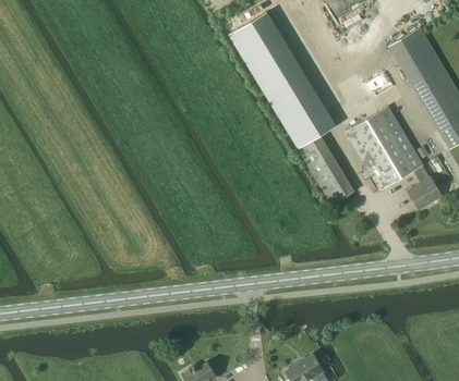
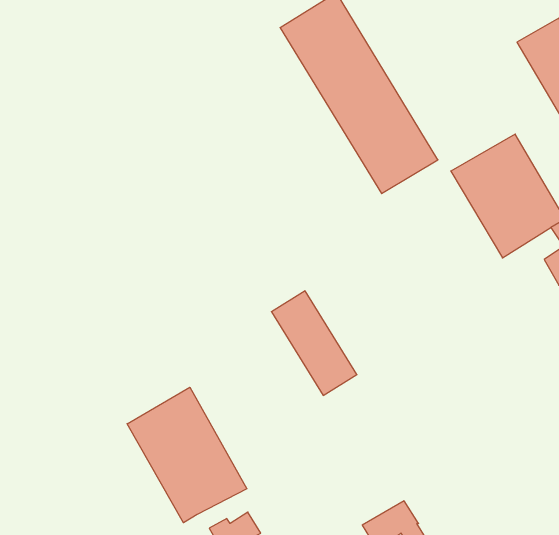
building: [298,134,355,205] -> [271,291,357,395]
building: none -> [127,387,247,523]

